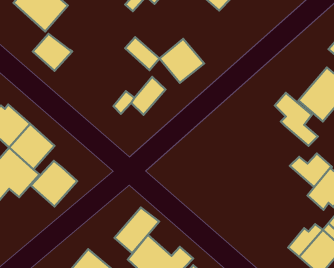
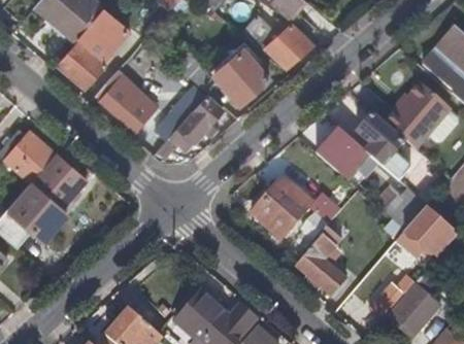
building: none -> [75,7,131,62]
building: none -> [243,18,311,68]
building: none -> [97,79,151,129]
building: none -> [297,128,369,179]
building: none -> [251,174,311,238]
building: [31,161,77,206] -> none
building: none -> [296,226,346,297]
building: [114,207,159,253] -> none

